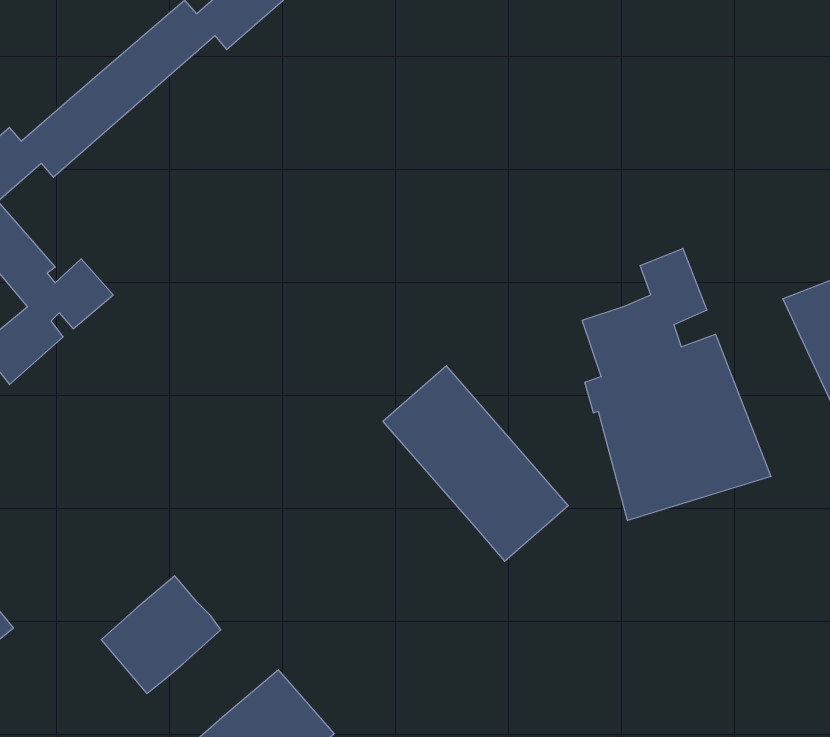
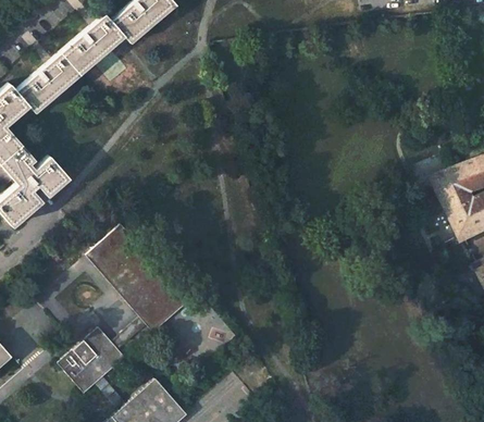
building: [582,248,771,520] -> none
building: [383,366,568,561] -> [87,226,188,333]

